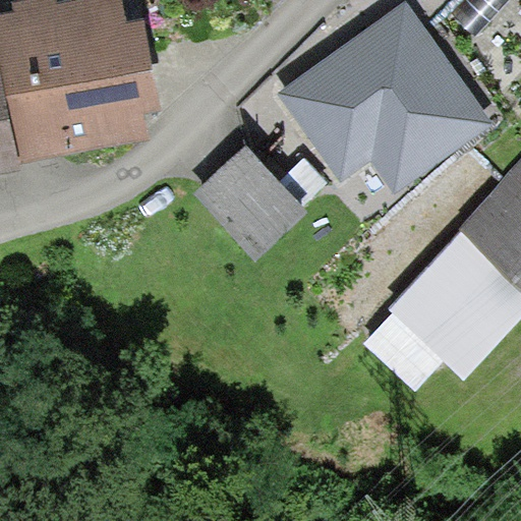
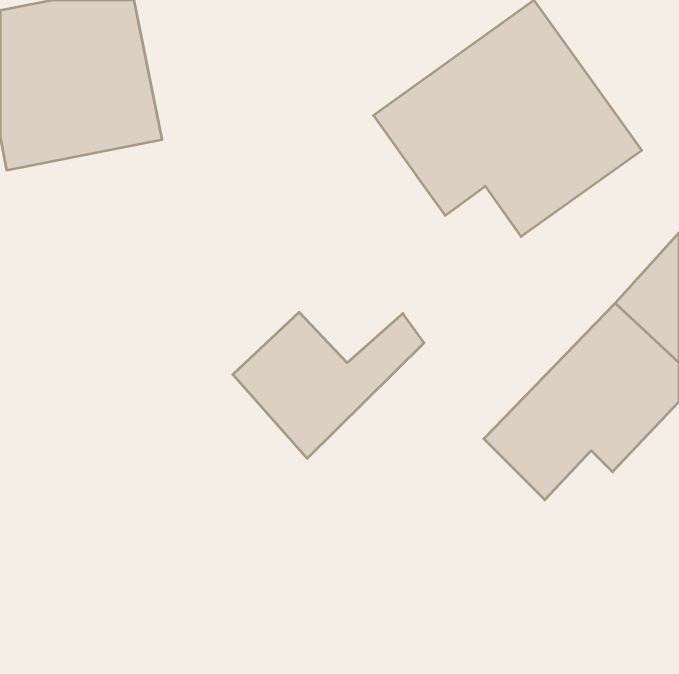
building: [194,146,341,257] -> [233,312,424,458]

